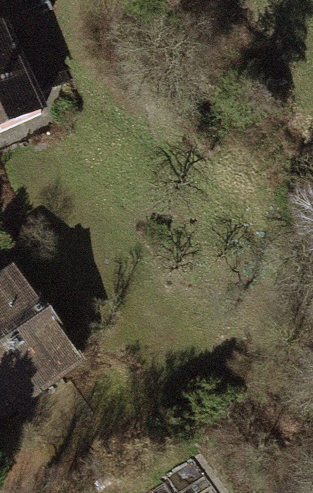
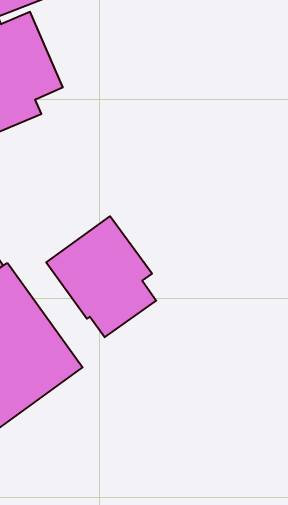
building: none -> [46,216,156,337]

